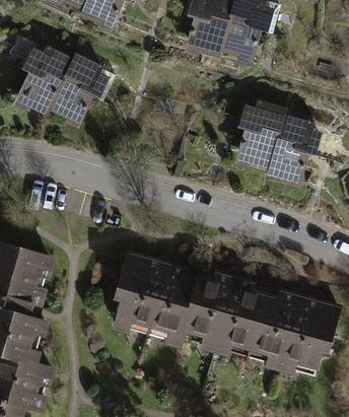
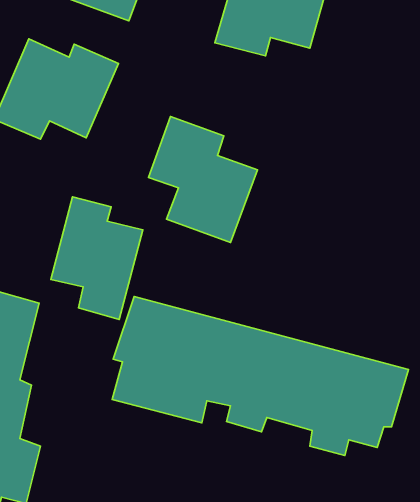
building: [233,93,319,192] -> [148,116,258,243]
building: none -> [51,197,143,319]

